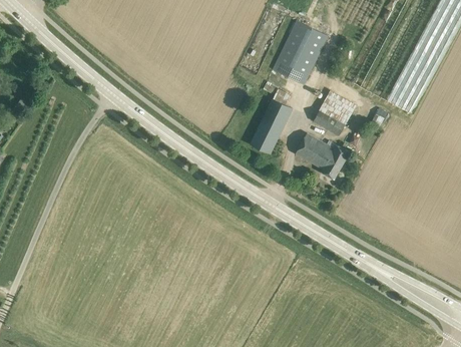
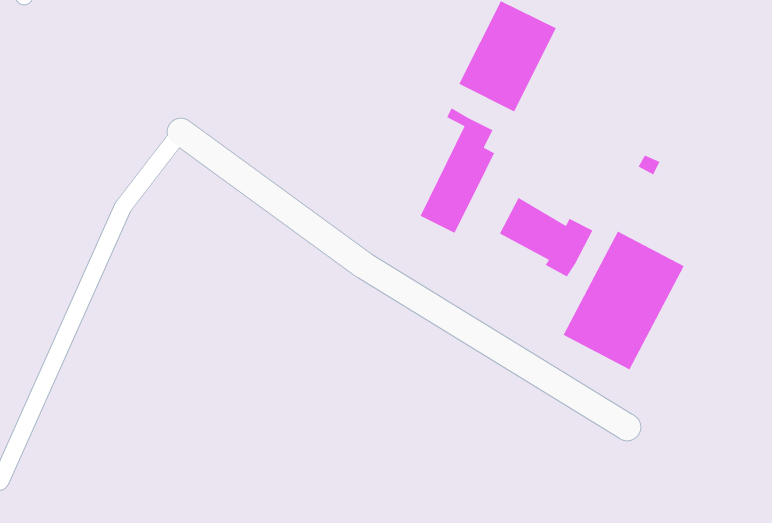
building: [312,89,354,135] -> none
building: none -> [562,230,685,370]

